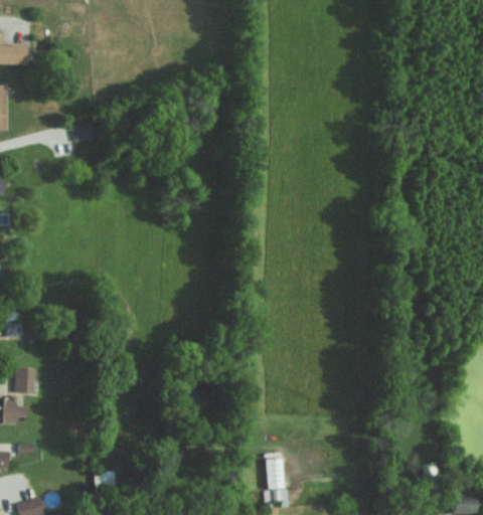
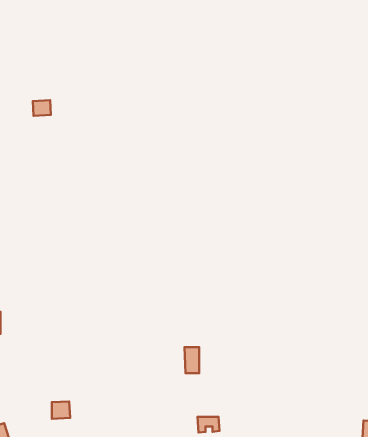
building: [266,459,283,489] -> [185,347,199,373]

